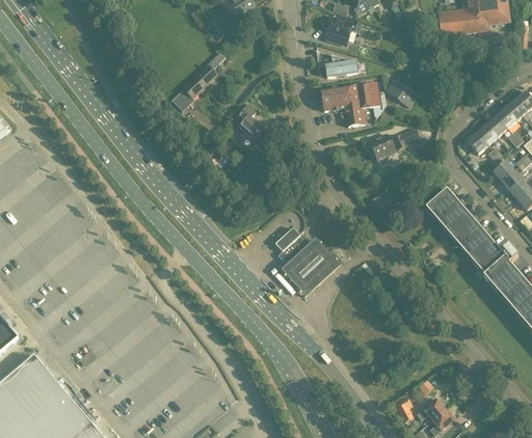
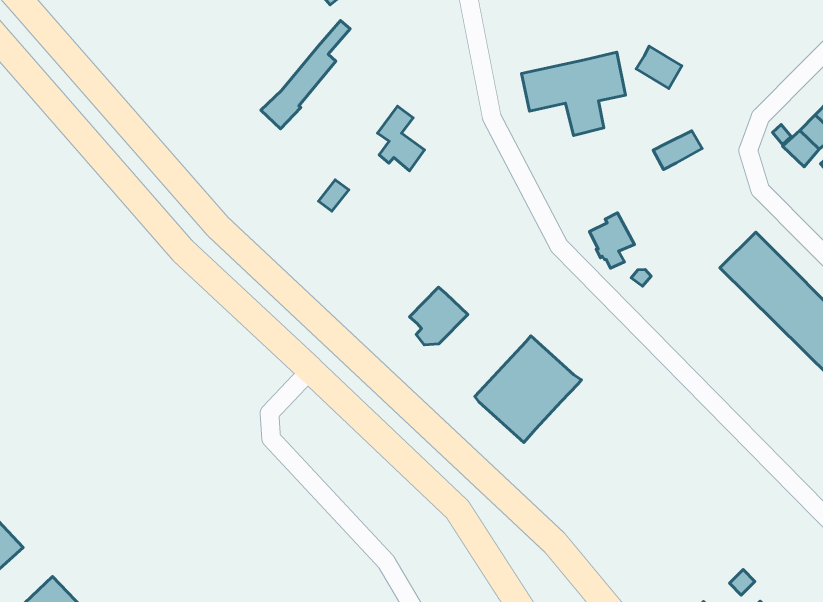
building: [325,53,357,76] -> none
building: [370,133,395,164] -> [590,213,634,268]
building: [275,227,309,259] -> [410,287,468,345]

